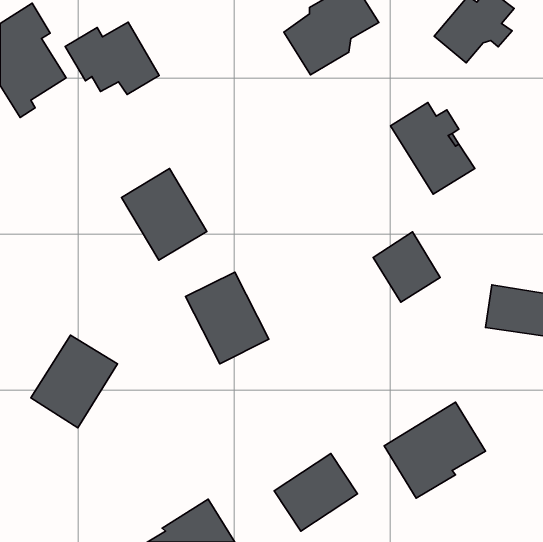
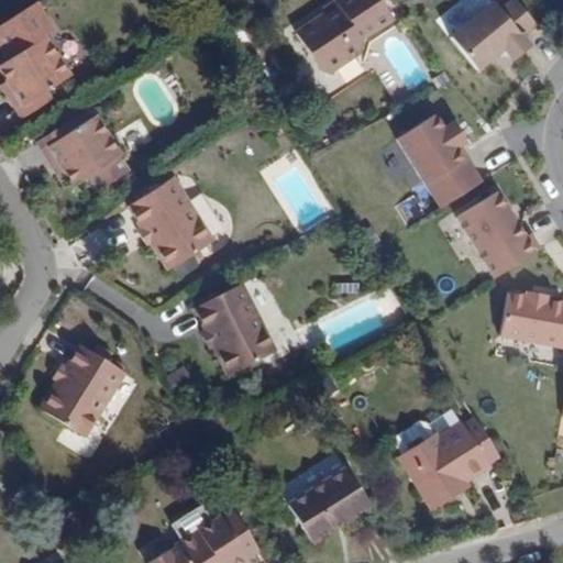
building: [65,22,159,95] -> [32,118,129,192]
building: [373,232,440,302] -> [463,186,532,258]

